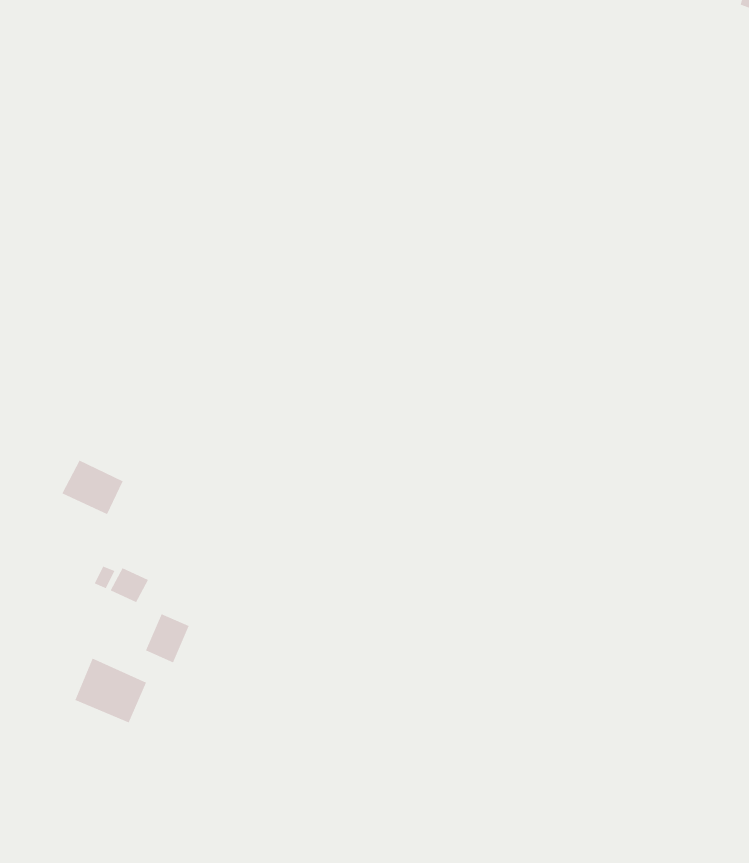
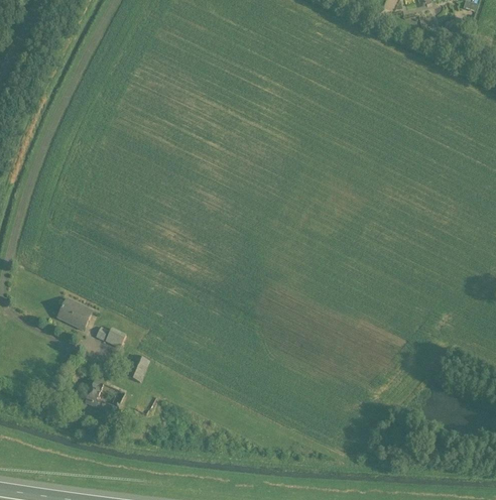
building: [61,460,123,515] -> [56,297,92,329]

